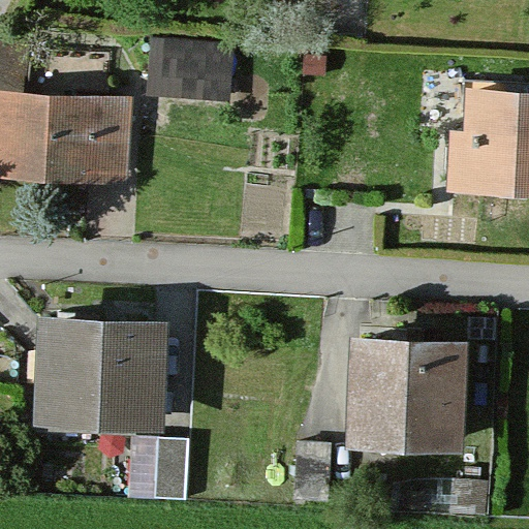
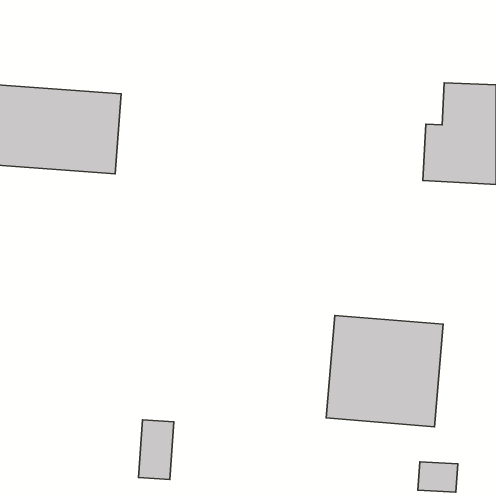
building: [143,50,228,103] -> none
building: [35,318,173,431] -> none

